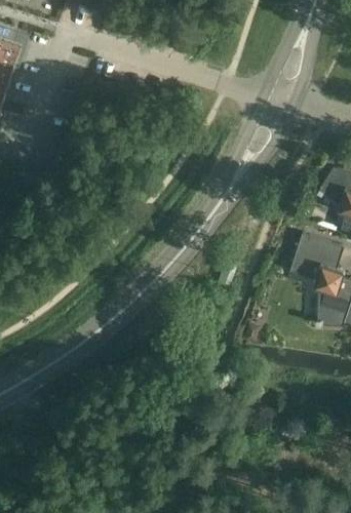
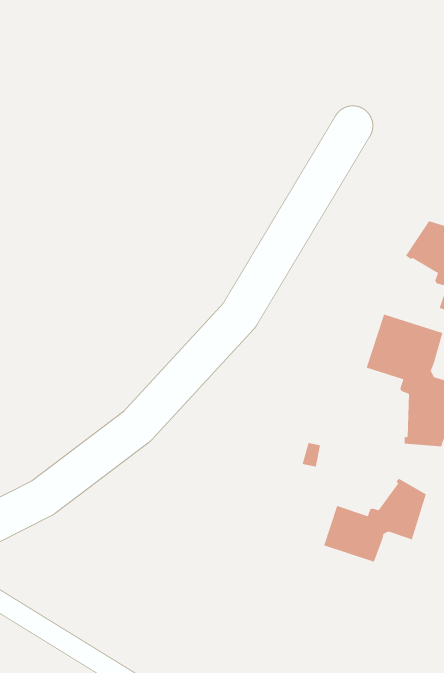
building: none -> [324,478,427,563]

